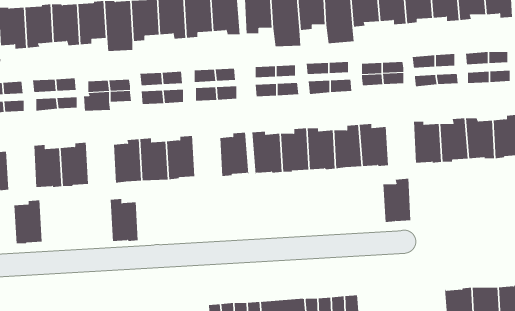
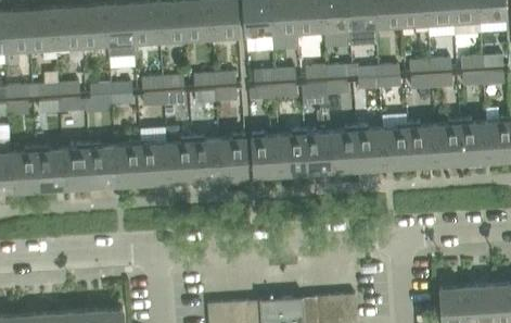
building: none -> [193,137,221,178]
building: [382,178,411,223] -> [383,124,411,167]
building: [110,198,139,242] -> [89,144,117,186]
building: [14,200,42,244] -> [11,148,39,191]

